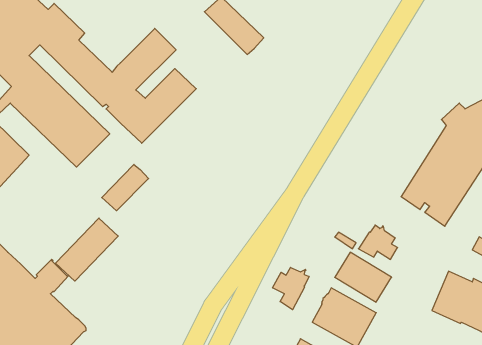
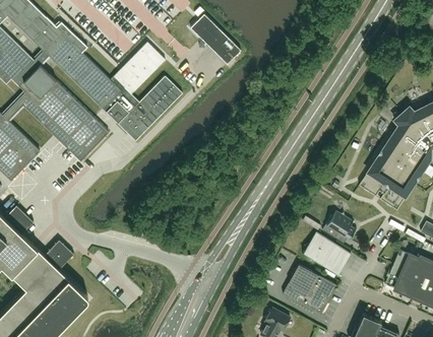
building: [102,164,149,211] -> none
building: [56,218,118,281] -> none
building: [273,267,309,310] -> none

